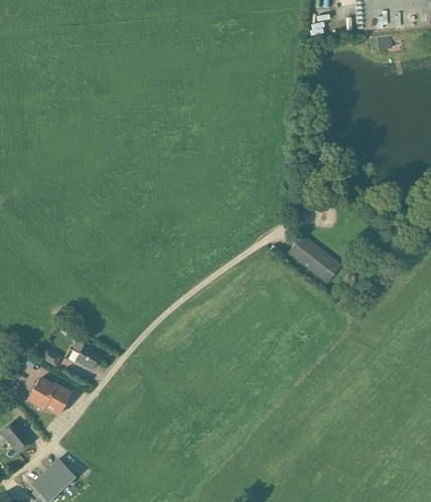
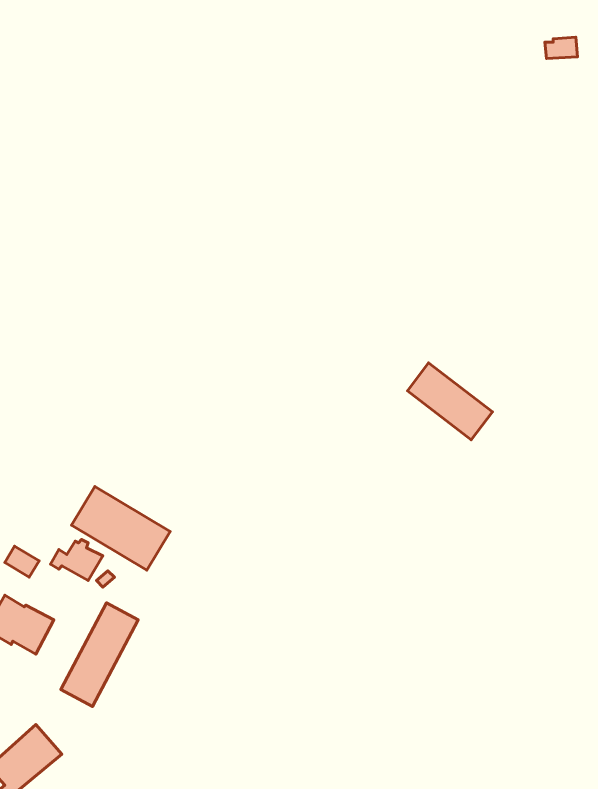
building: none -> [72,486,170,570]
building: none -> [61,603,138,706]

